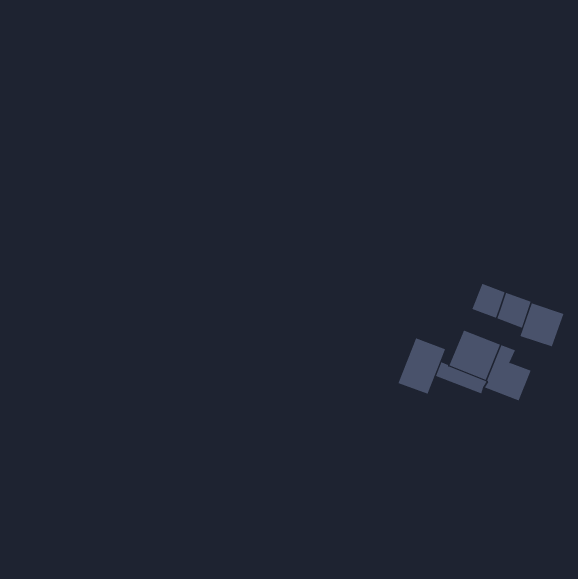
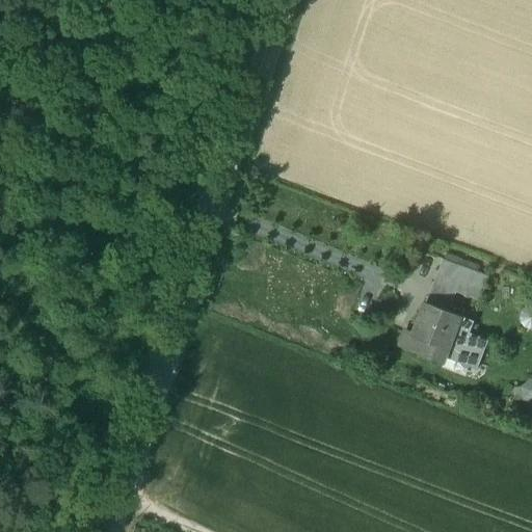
building: [520,302,564,347] -> none
building: [398,338,446,394] -> none

